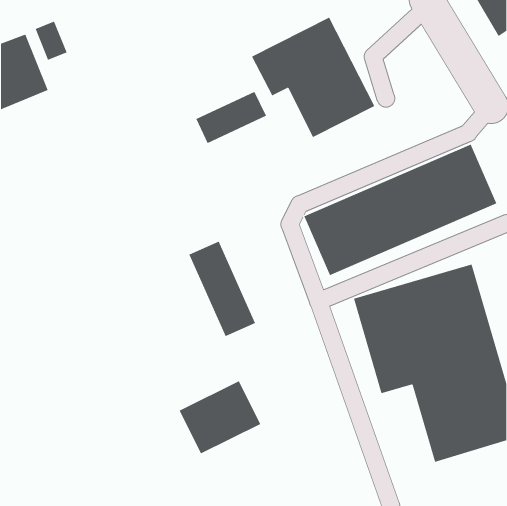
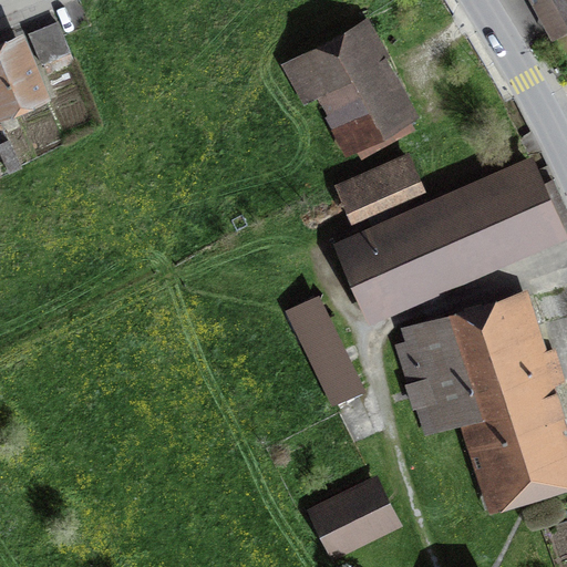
building: [195,91,267,144] -> [340,153,420,212]
building: [189,241,256,337] -> [287,297,362,404]
building: [179,381,261,454] -> [307,476,399,558]

